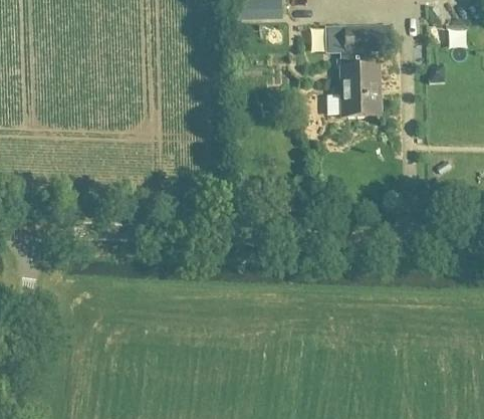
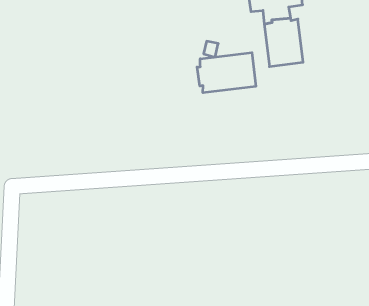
building: none -> [197,53,256,93]

